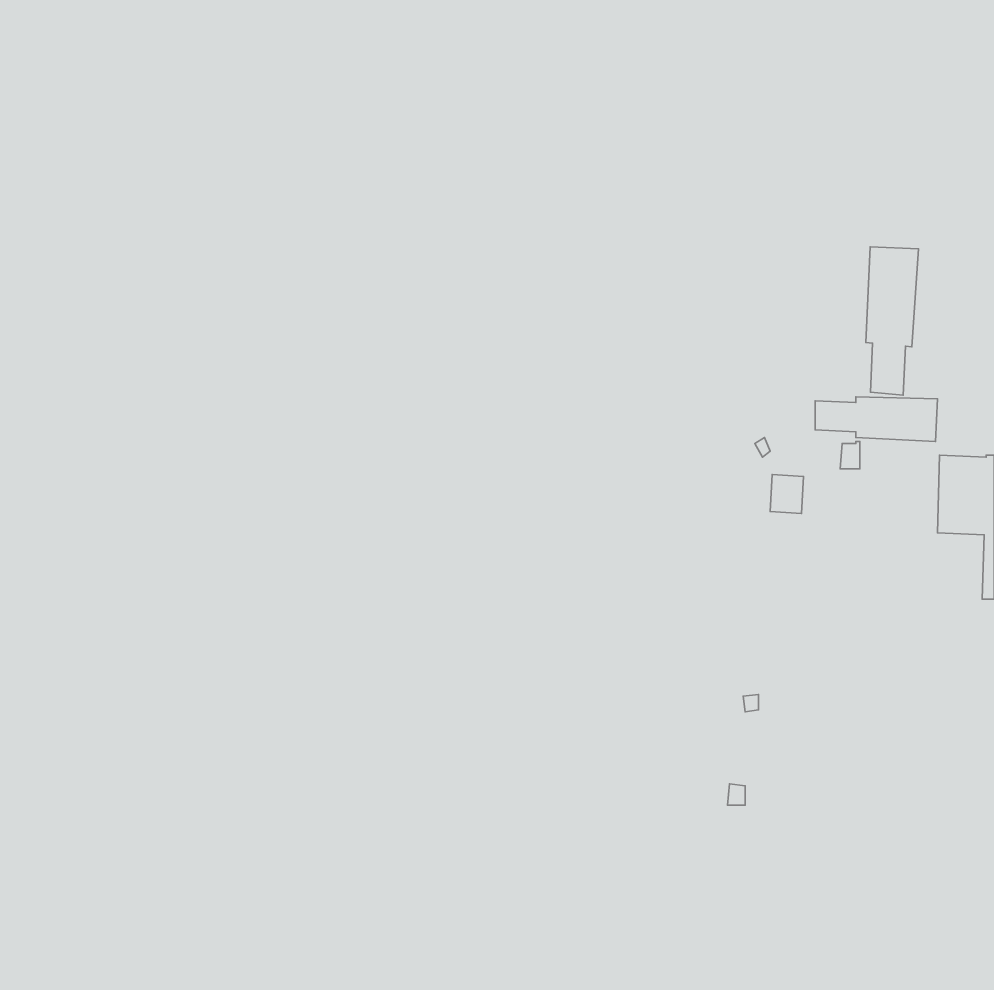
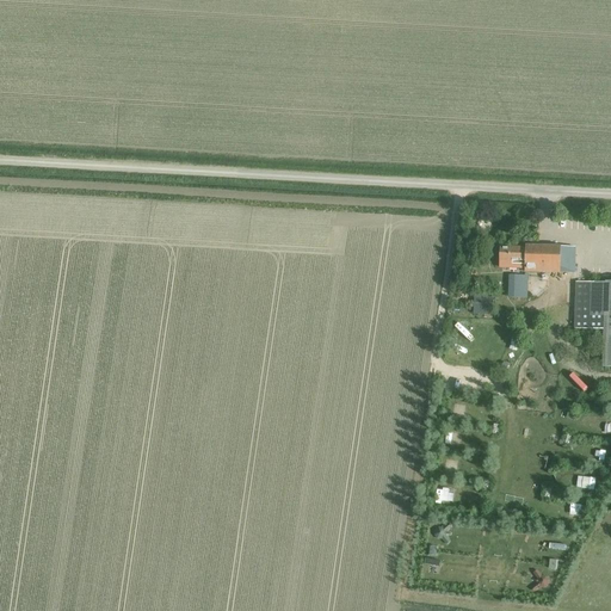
building: [866,247,918,395] -> none

